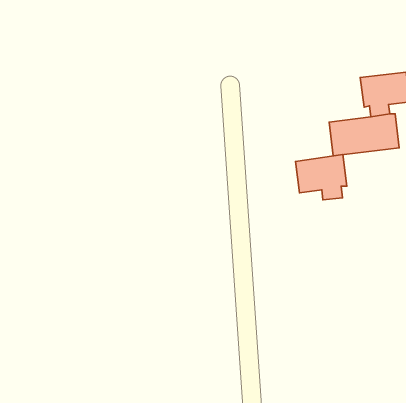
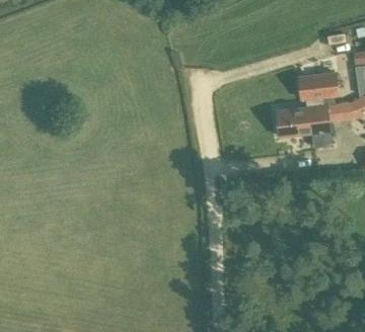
building: [296,155,347,200] -> none

